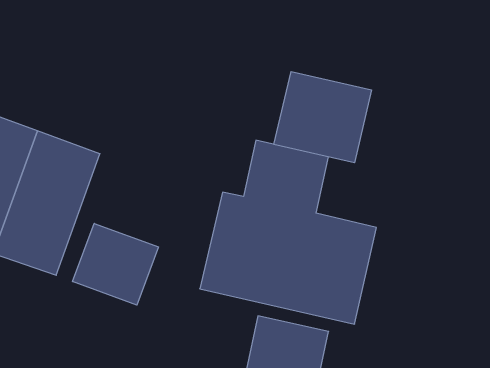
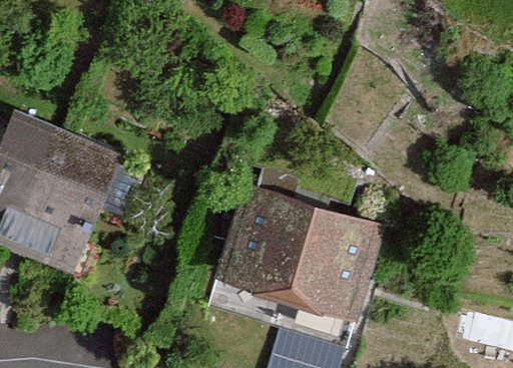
building: [274,72,371,163] -> none
building: [73,223,159,305] -> none

